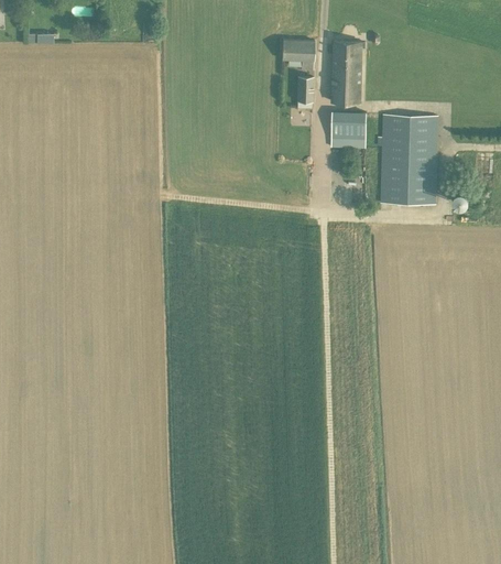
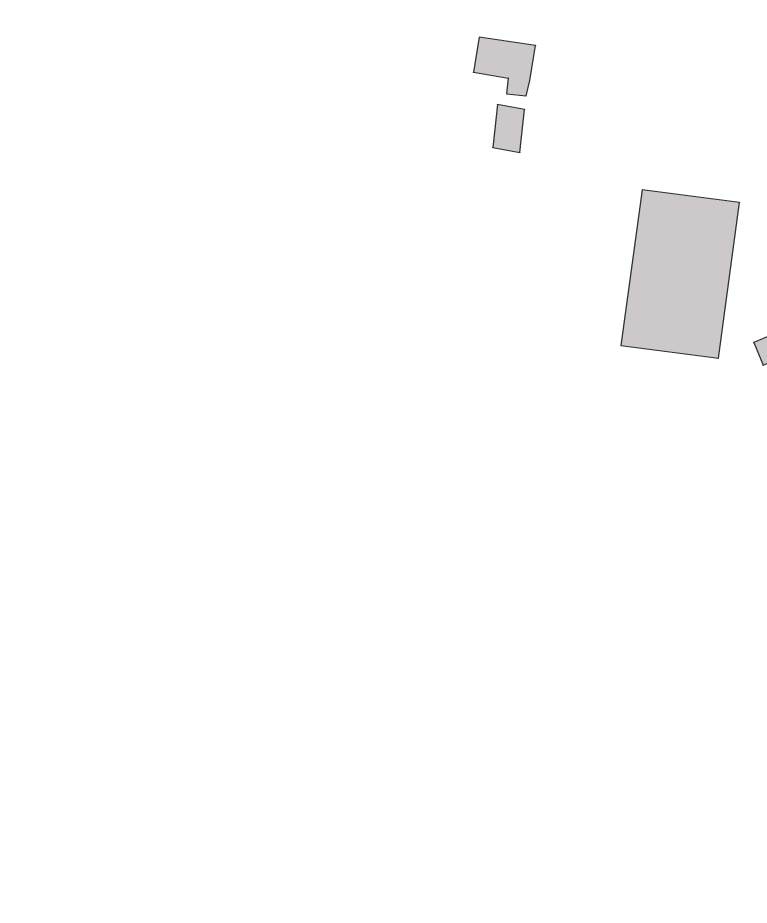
building: [333,41,366,102] -> none
building: [331,111,367,148] -> none

